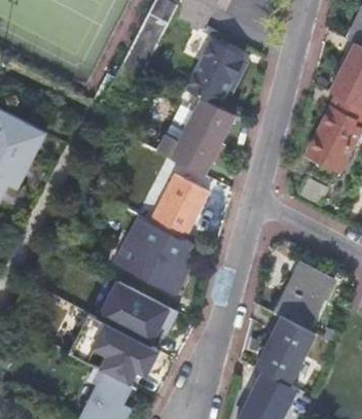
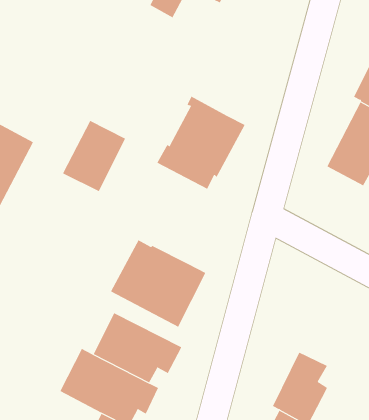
building: [185,44,243,108] -> none
building: [151,176,208,240] -> [62,120,126,192]
building: [276,264,326,330] -> none

